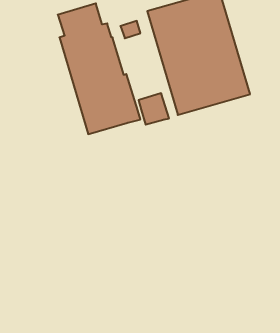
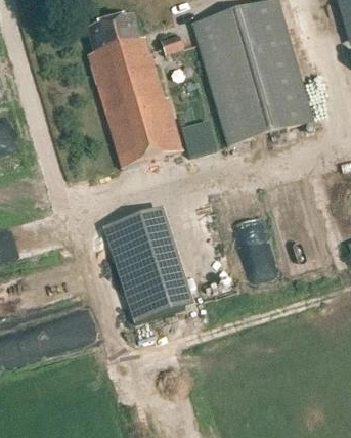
building: none -> [103,205,194,321]

